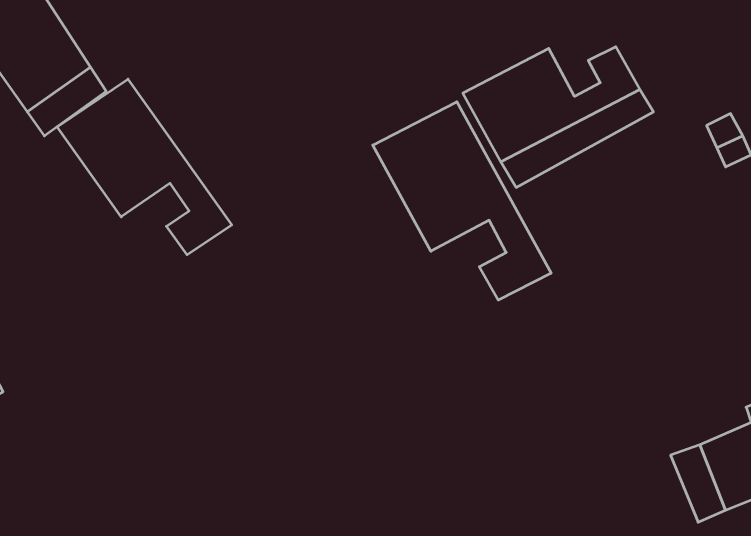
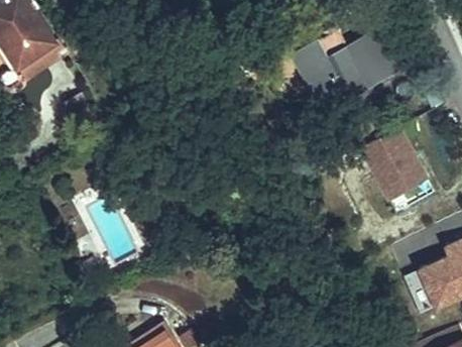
building: [57,79,232,255] -> none
building: [373,102,551,300] -> none
building: none -> [361,123,428,197]

